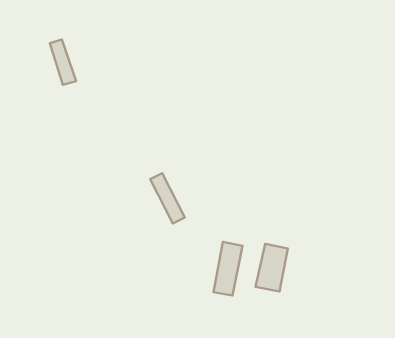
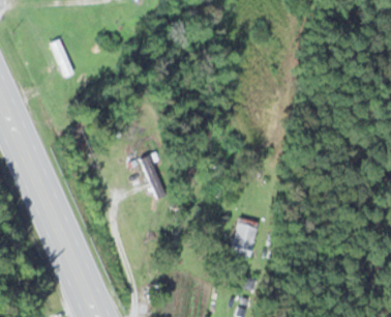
building: [213,242,243,296] -> none

